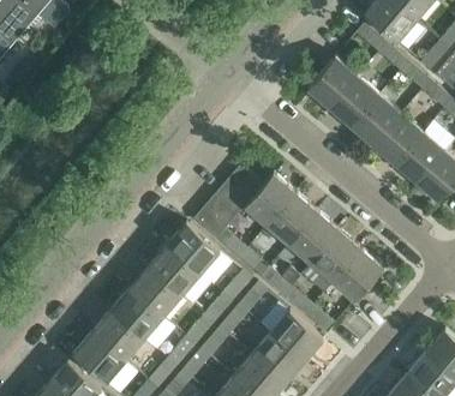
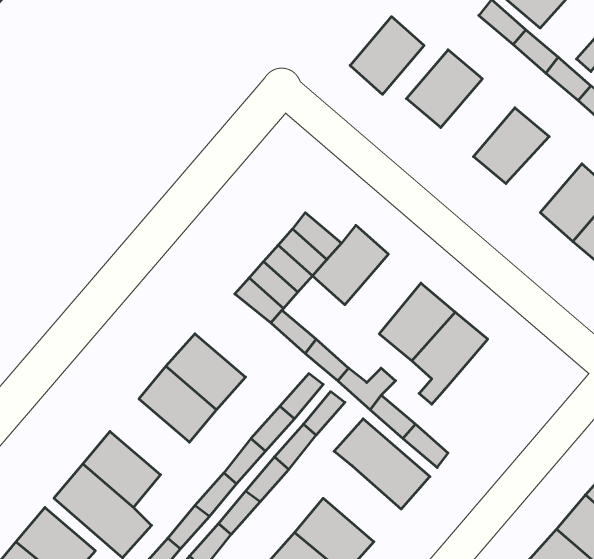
building: [330,76,379,127] -> [350,17,424,94]
building: [373,114,424,164] -> none
building: [267,192,317,245] -> none
building: [167,222,220,274] -> none
building: [333,248,383,301] -> none
building: [110,288,175,349] -> none
building: [252,332,304,383] -> none

